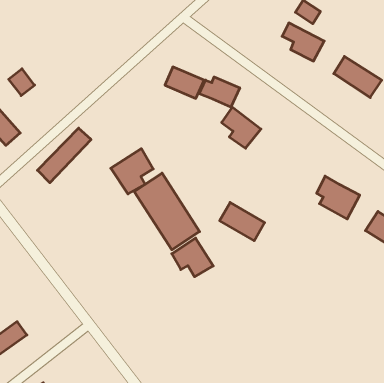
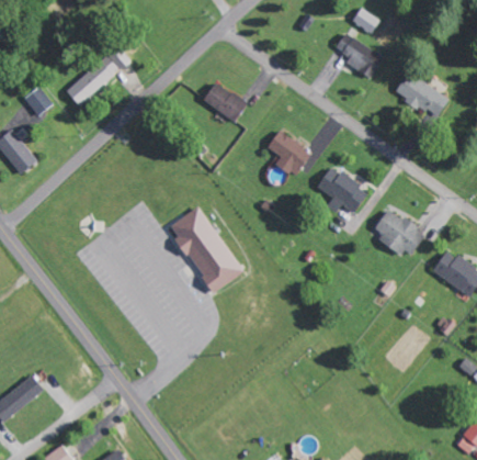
building: [199,77,240,107] -> none
building: [37,128,91,183] -> [67,45,128,108]
building: [111,149,153,194] -> none
building: [220,202,265,241] -> [317,167,368,211]
building: [172,238,213,277] -> none

